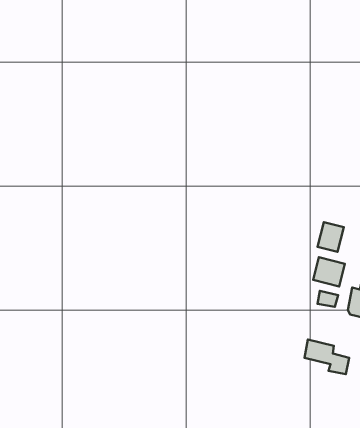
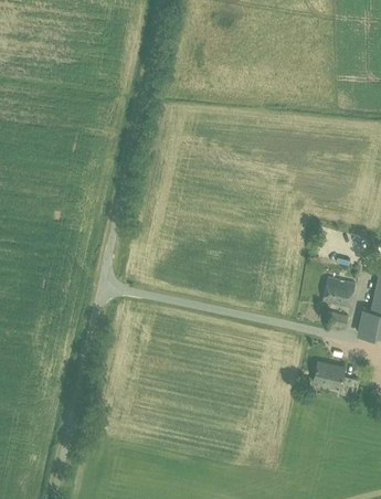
building: [318,222,344,252] -> none

